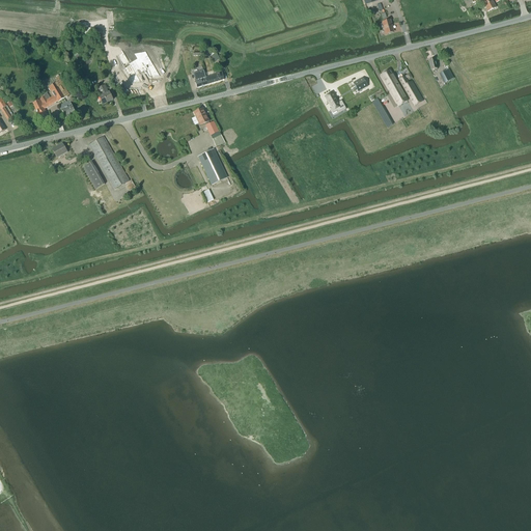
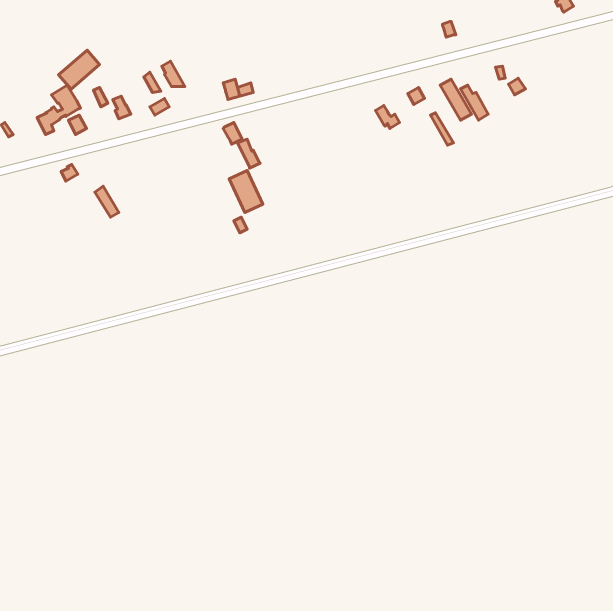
building: none -> [59,50,99,89]
building: [89,135,129,188] -> none

